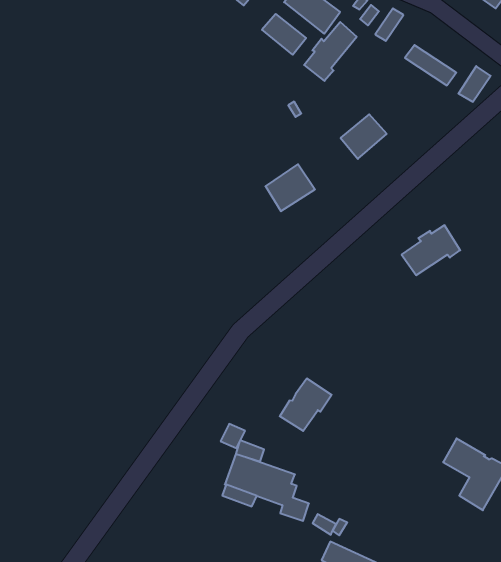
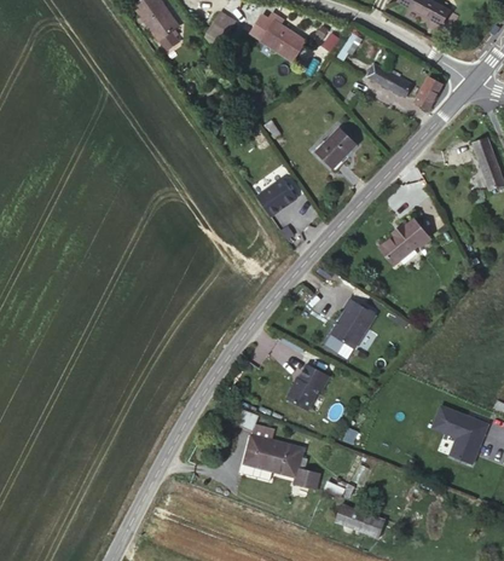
building: [262,14,306,55] -> none
building: [304,22,357,81] -> none
building: none -> [330,299,376,349]

